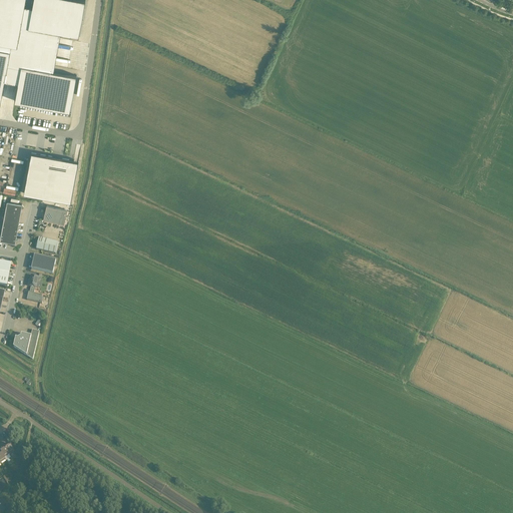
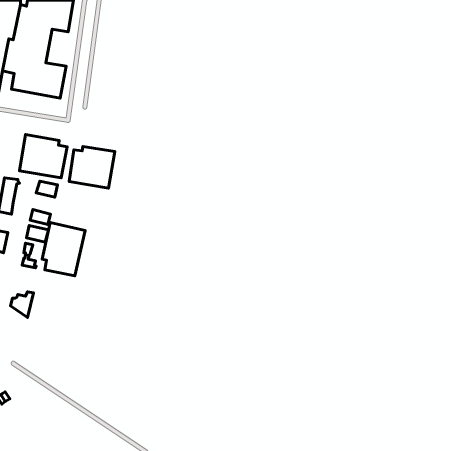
building: none -> [69,146,115,188]
building: none -> [42,223,85,276]

